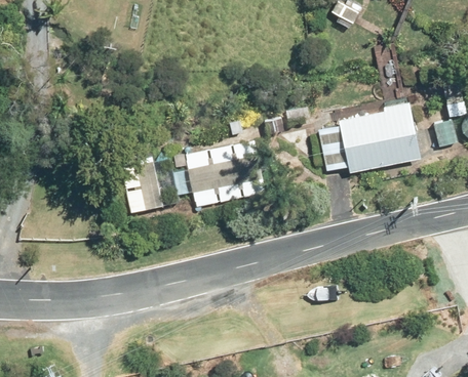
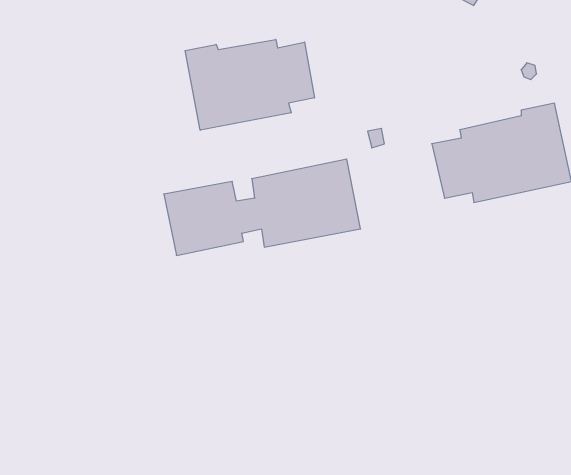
building: none -> [185,39,314,130]

